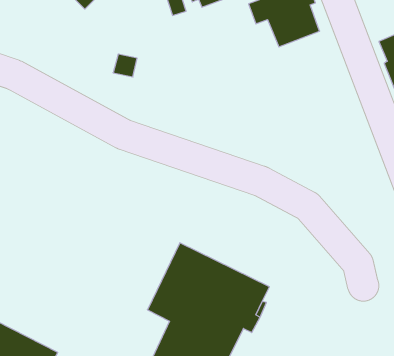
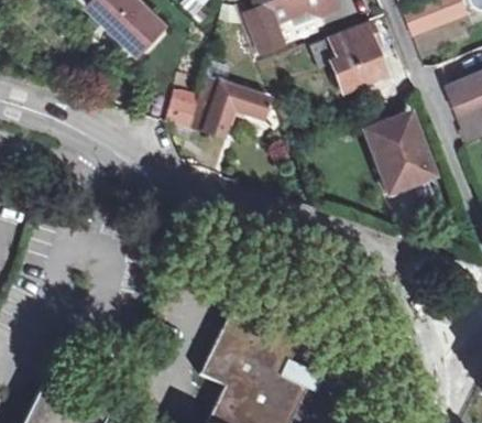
building: none -> [195,79,270,137]
building: none -> [365,116,432,191]

